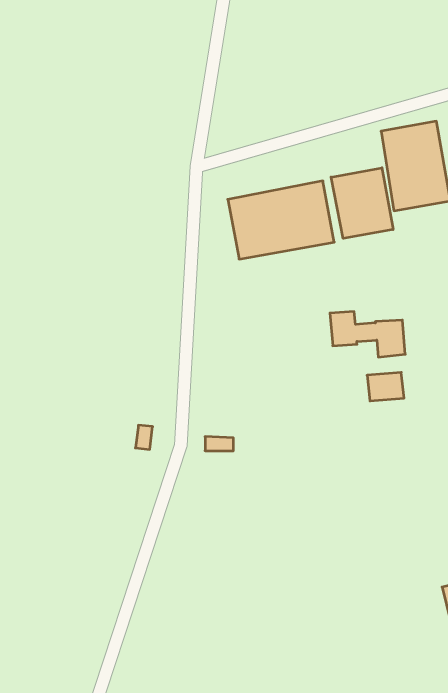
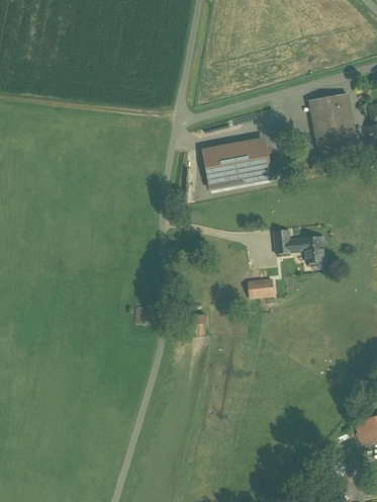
building: [331,168,393,238] -> none
building: [367,372,404,401] -> [249,276,275,297]

